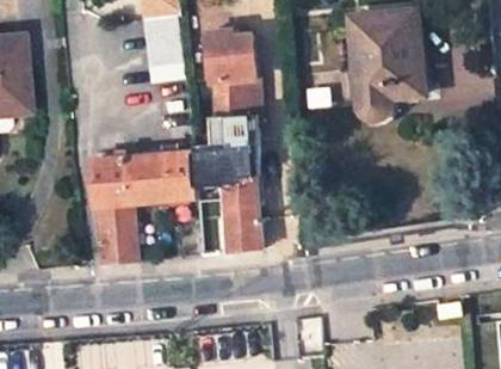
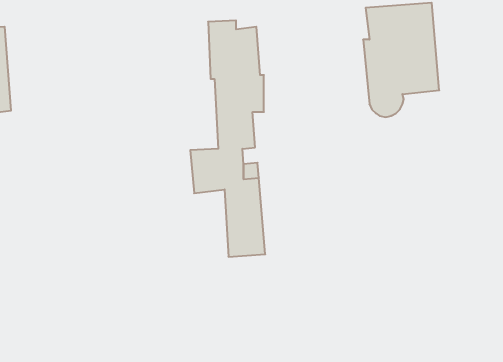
building: [149,16,184,81] -> none
building: [93,152,196,264] -> none

